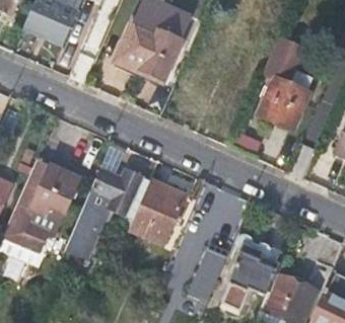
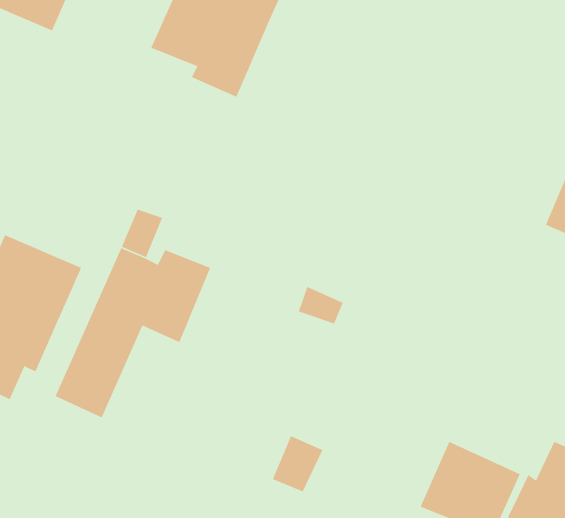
building: [260,35,313,130] -> none
building: [127,177,187,245] -> none
building: [224,238,281,309] -> none

